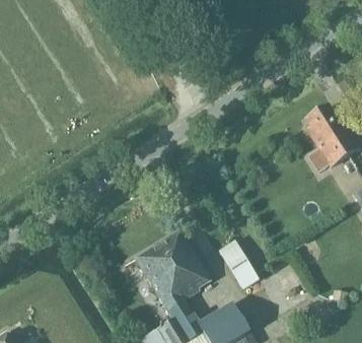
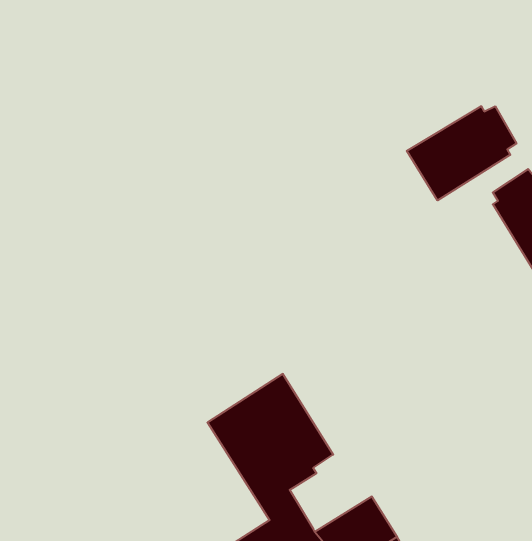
building: none -> [407,106,516,200]
building: [227,255,258,288] -> none

